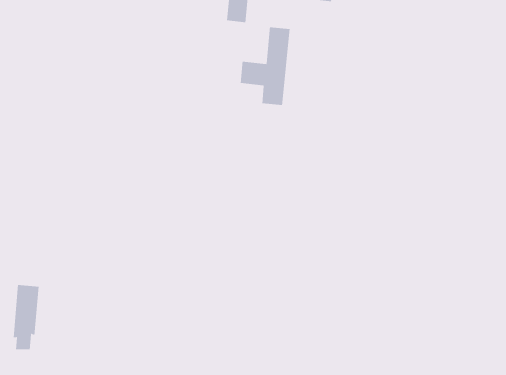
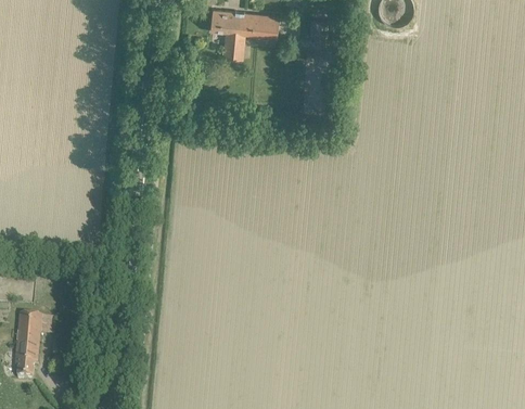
building: [240,27,290,106] -> none

